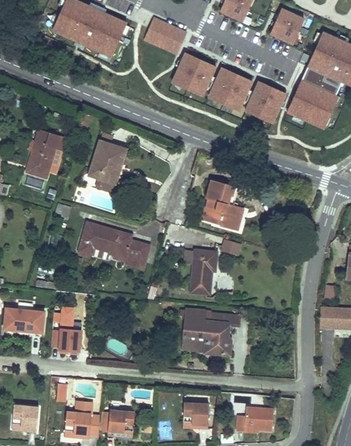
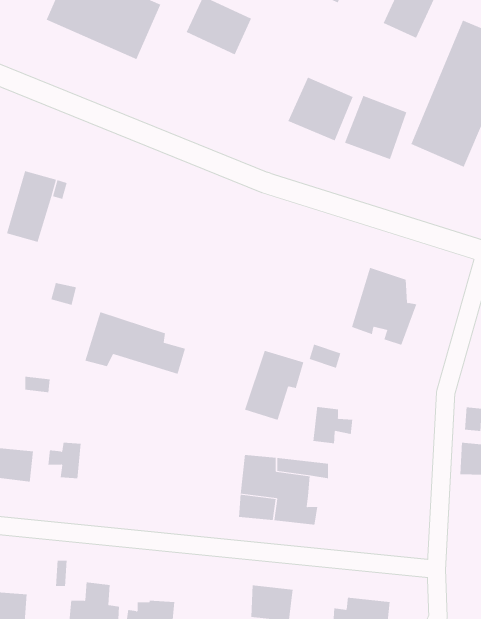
building: [172,53,217,97] -> none
building: [89,143,120,186] -> none
building: [197,182,240,233] -> [351,267,417,346]
building: none -> [313,406,353,444]
building: [50,330,81,355] -> none

